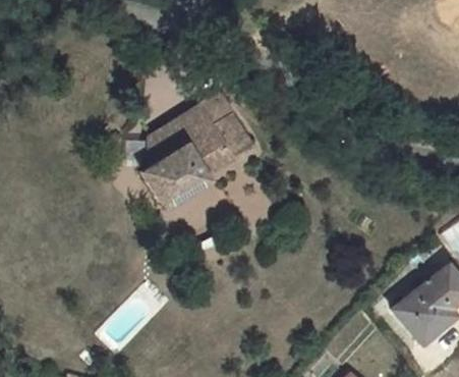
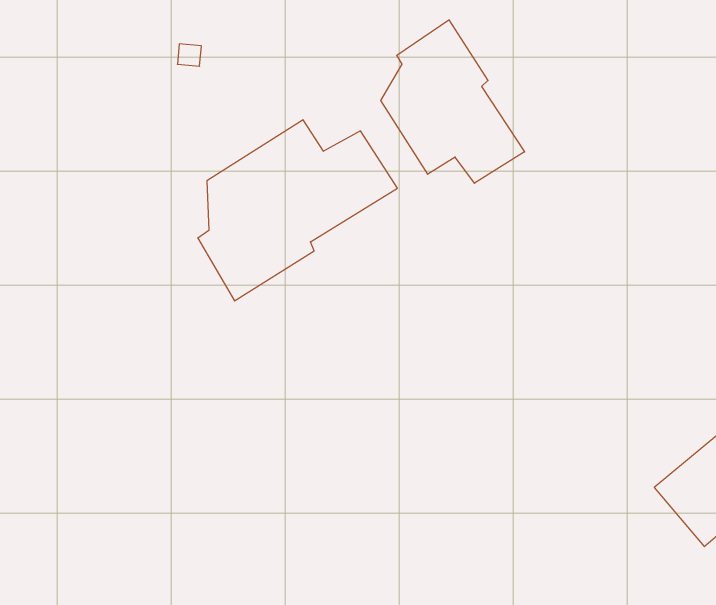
building: none -> [381,20,525,183]

